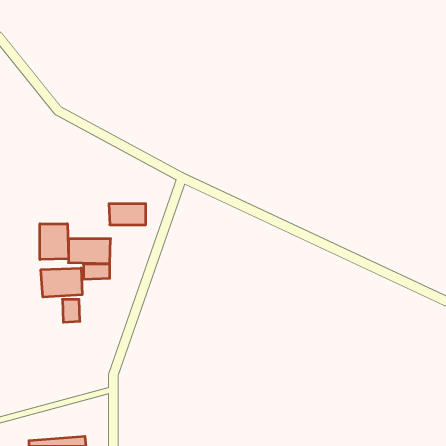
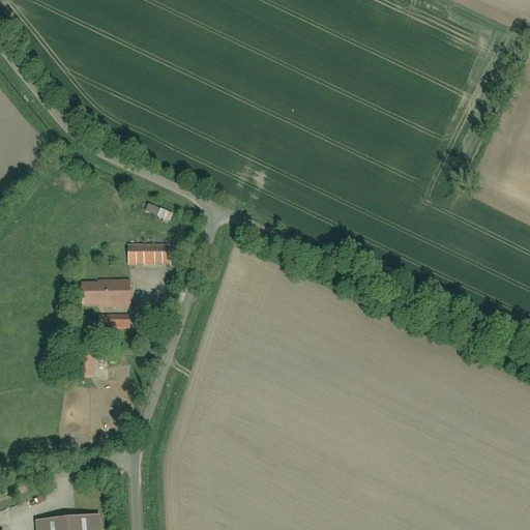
building: [40,224,68,260] -> none
building: [41,268,82,297] -> none

